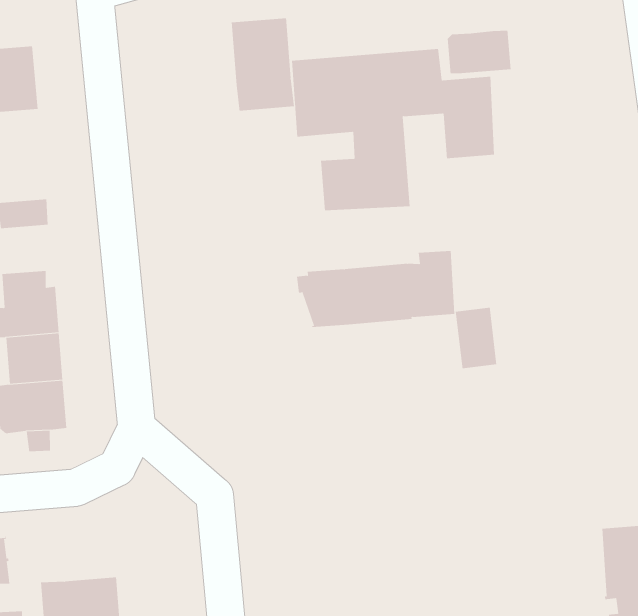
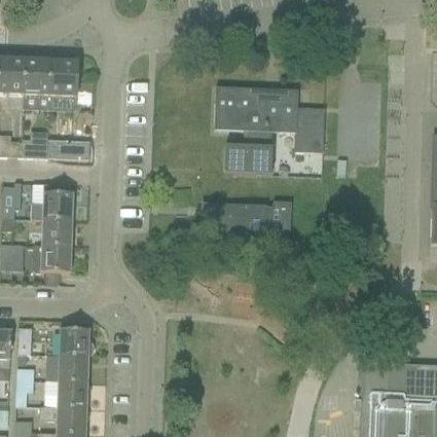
building: [231,18,294,111] -> none
building: [447,30,511,74] -> none
building: [455,307,497,369] -> none
building: none -> [59,329,93,357]

